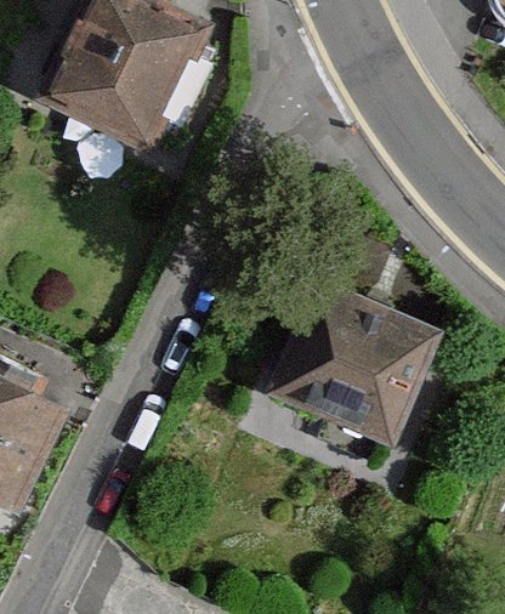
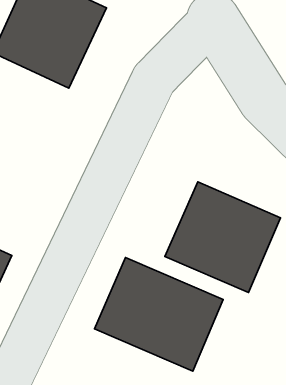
building: none -> [95,258,223,371]

